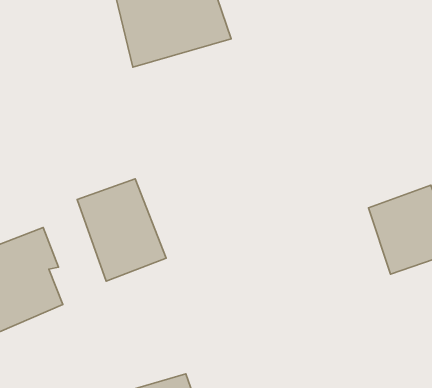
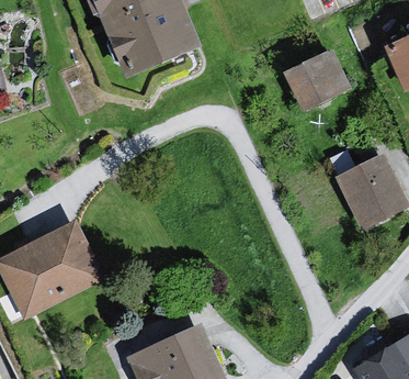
building: none -> [284,49,351,111]
building: [77,179,166,281] -> none

